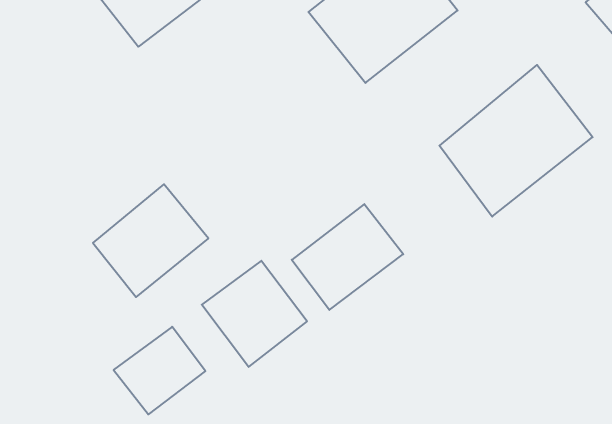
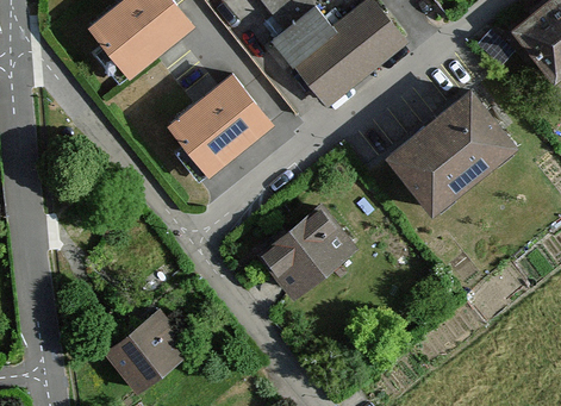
building: [93,184,208,297] -> [170,77,269,174]
building: [202,261,307,367] -> none

